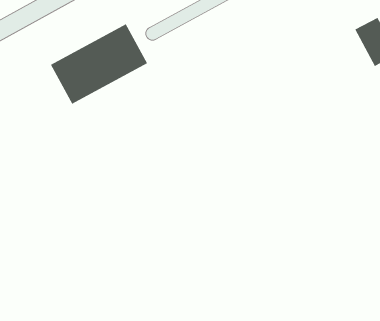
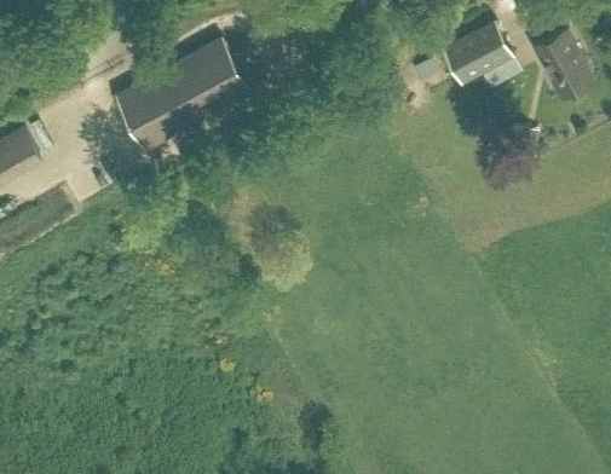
building: none -> [448,24,512,83]

